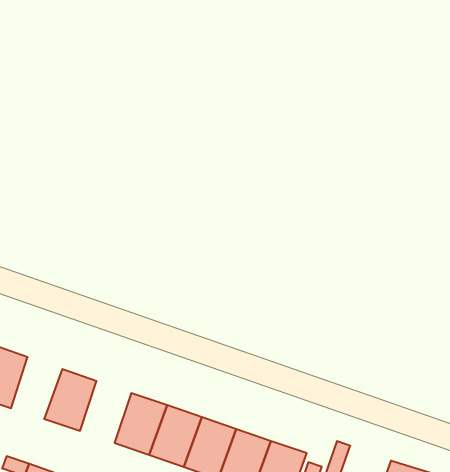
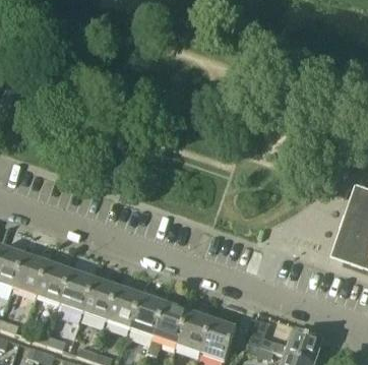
building: none -> [35,261,69,303]
building: none -> [81,278,116,319]

